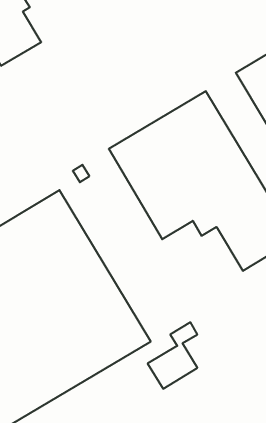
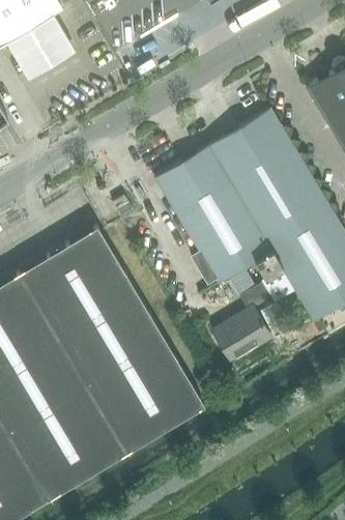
building: [148,322,197,389] -> [212,284,271,363]

